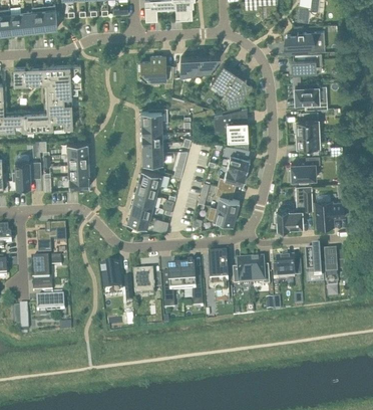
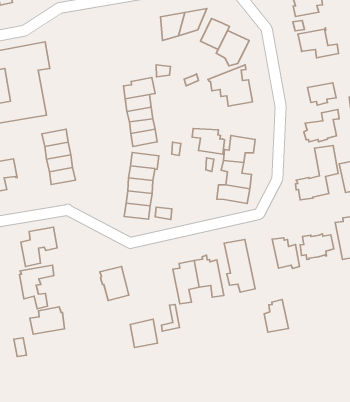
building: [139,57,173,82] -> none
building: [295,113,319,135] -> none
building: [223,148,250,173] -> [192,129,225,154]
building: [233,259,252,285] -> [264,300,289,332]
building: [133,271,154,293] -> [130,319,158,348]

